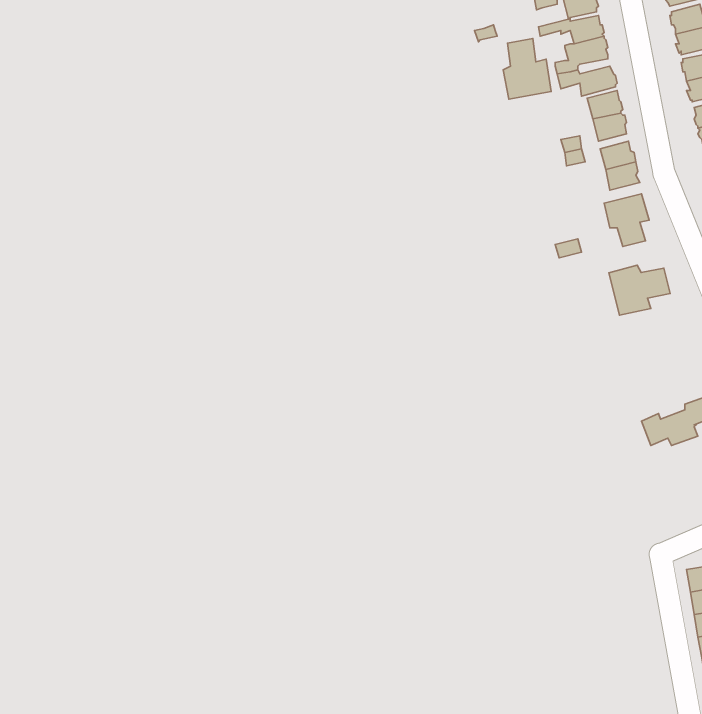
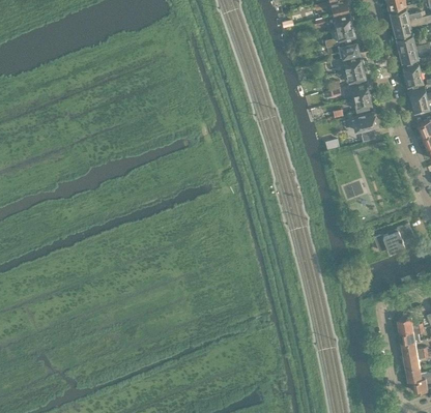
building: [503,39,551,99] -> none
building: [609,265,670,315] -> none

